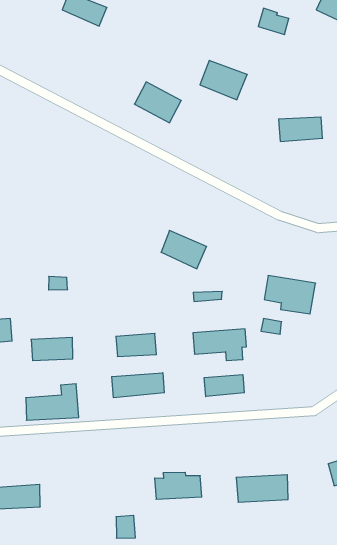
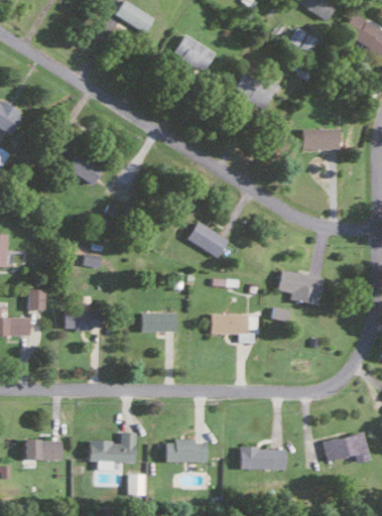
building: [134,82,181,123] -> [173,33,216,72]
building: none -> [66,153,103,183]
building: [112,373,164,398] -> none
building: [204,375,244,397] -> none
building: [26,384,79,420] -> [89,432,136,463]

